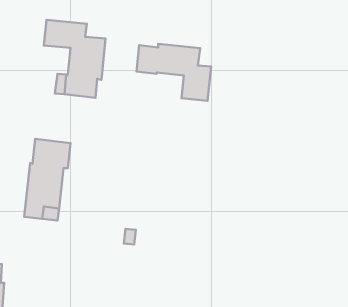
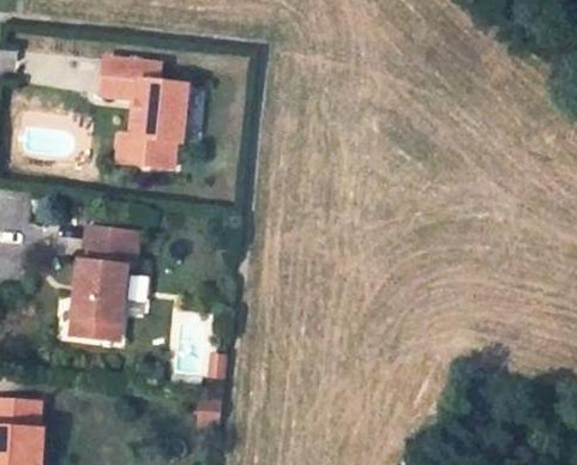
building: [137,44,211,101] -> none

